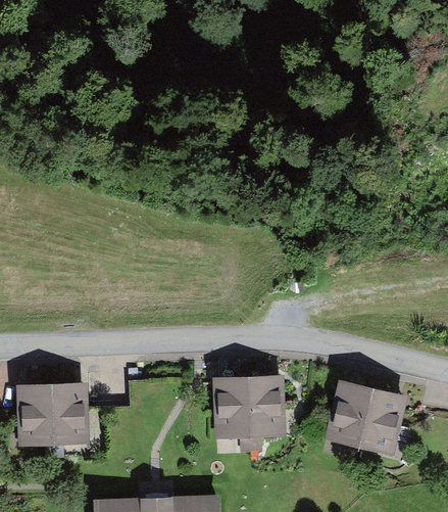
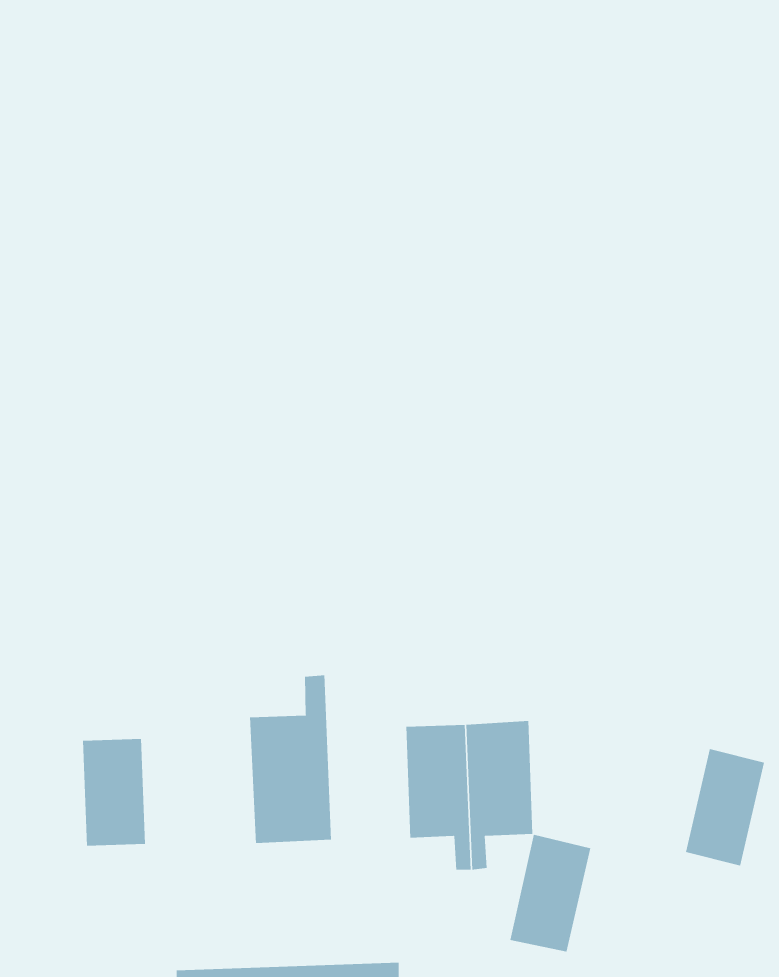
building: none -> [249,675,332,844]
building: [331,381,372,441] -> [509,834,591,952]
building: [21,384,54,439] -> none

